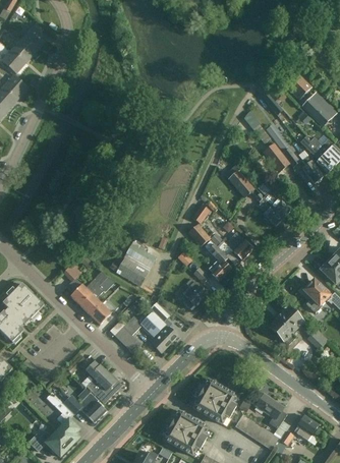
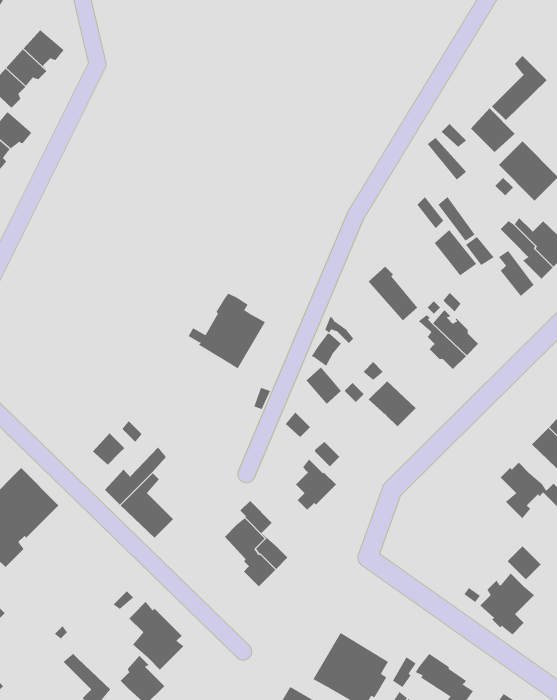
building: none -> [491,55,548,121]
building: [204,240,231,281] -> none
building: [110,241,156,286] -> [188,293,266,369]
building: [270,307,302,344] -> [479,573,535,635]
building: [114,316,141,353] -> none

